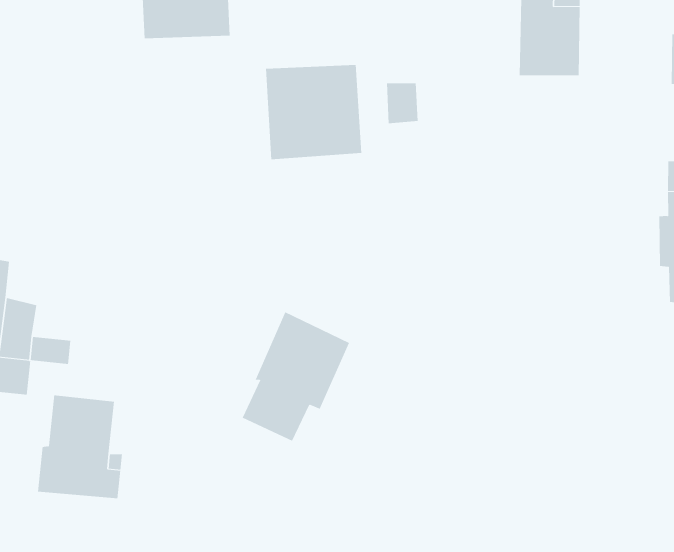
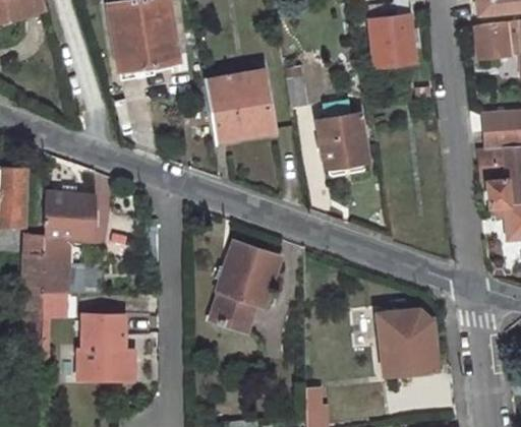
building: none -> [317,98,367,167]
building: none -> [46,190,93,241]
building: none -> [373,308,438,375]

